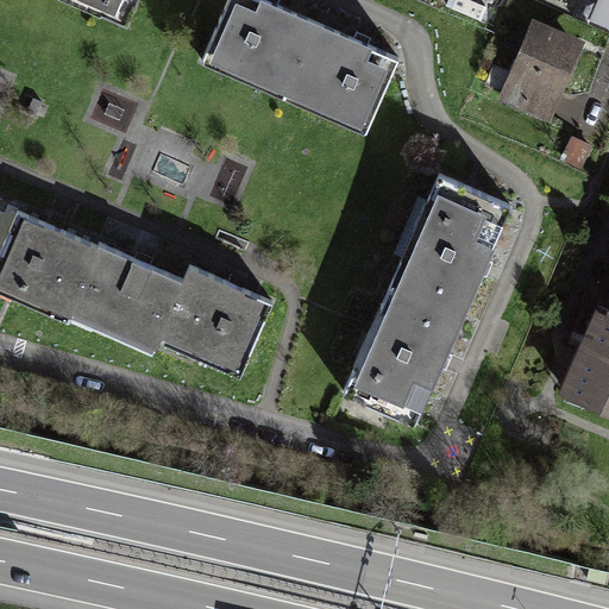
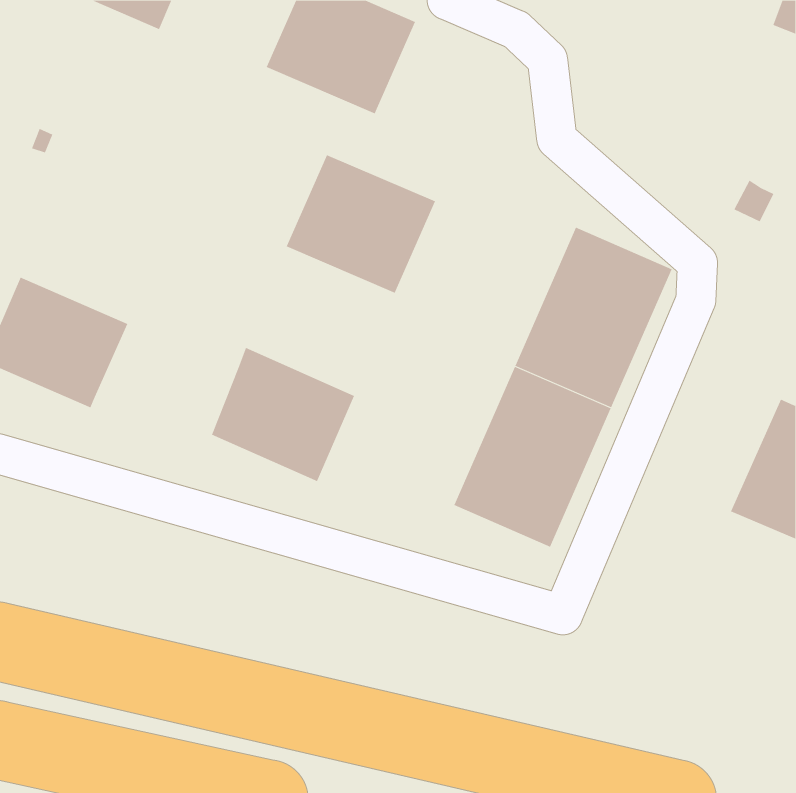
building: [285,21,400,127] -> [286,154,436,294]
building: [496,26,582,126] -> none
building: [73,249,181,344] -> none

